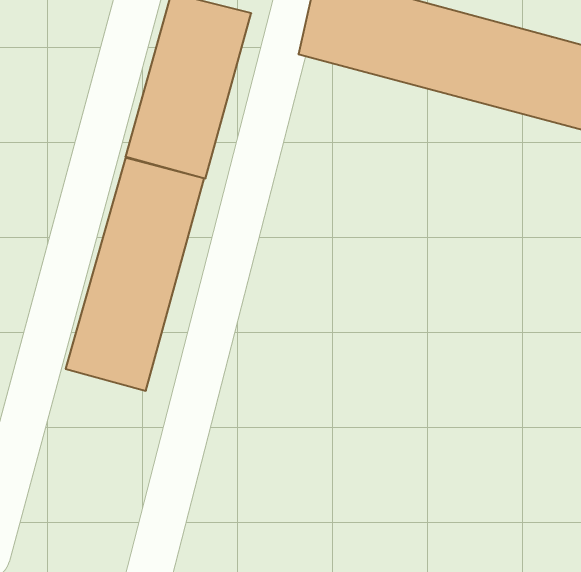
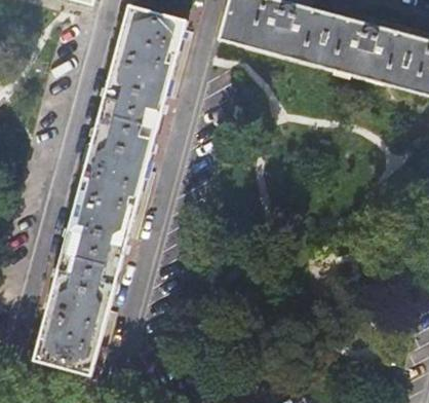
building: none -> [36,246,120,374]

